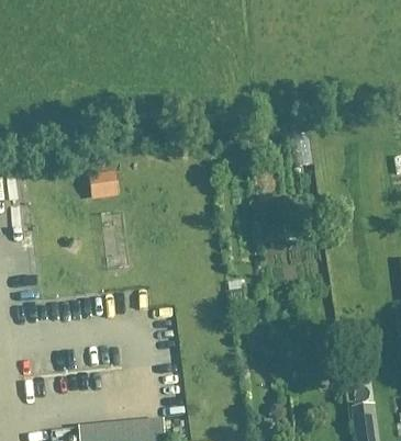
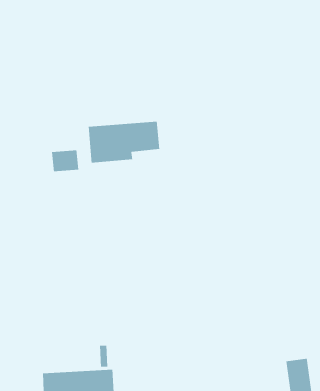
building: none -> [88,121,160,164]

